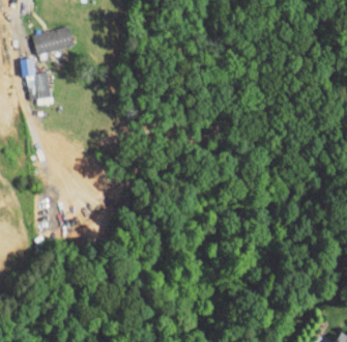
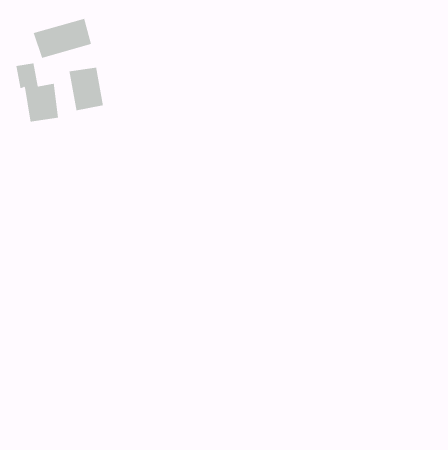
building: none -> [69,67,103,111]

